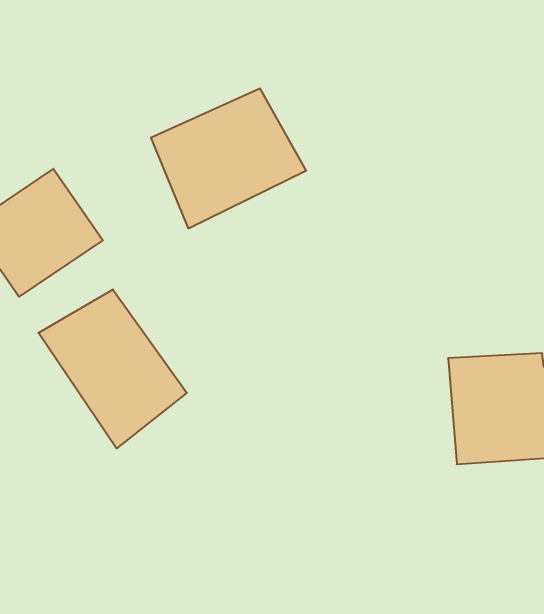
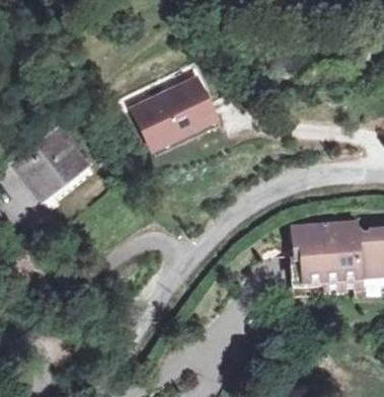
building: [38,289,187,448] -> none

